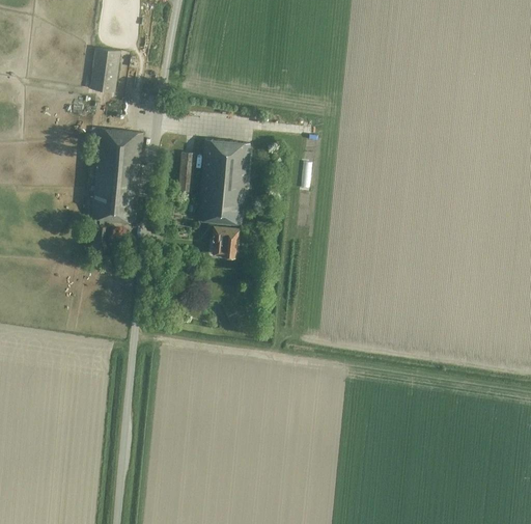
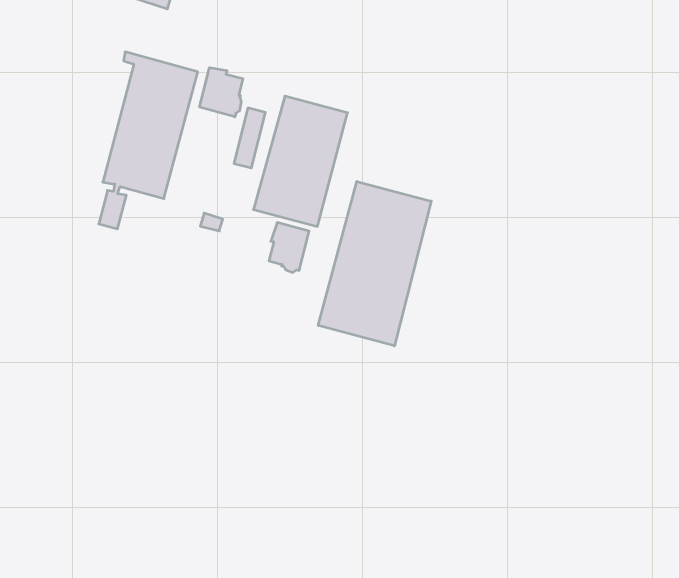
building: none -> [200,68,243,117]
building: none -> [318,181,431,346]

